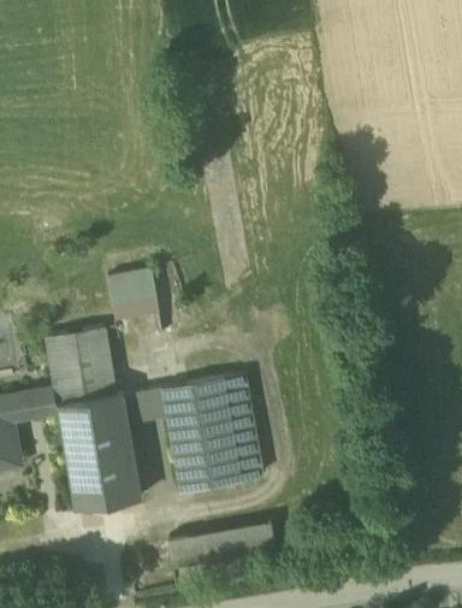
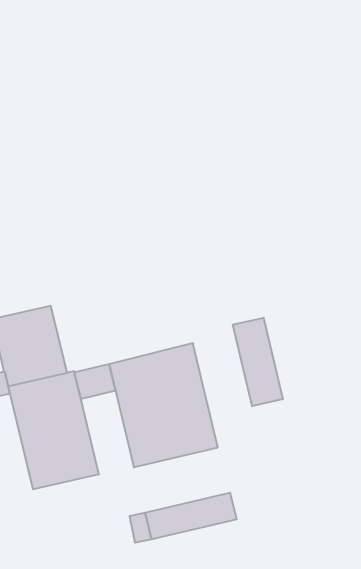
building: [108,270,159,319] -> none
building: none -> [233,318,283,406]

